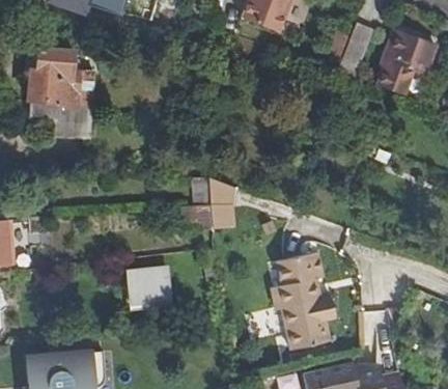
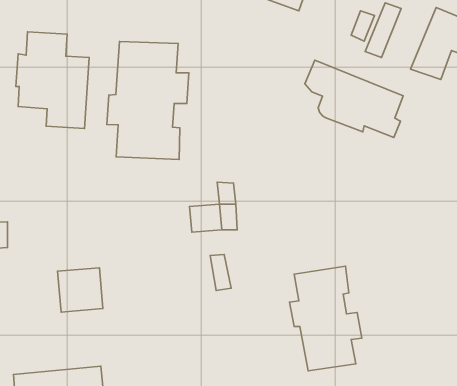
building: none -> [107,42,189,160]
building: none -> [305,60,403,138]
building: [129,268,169,307] -> [58,268,103,312]

